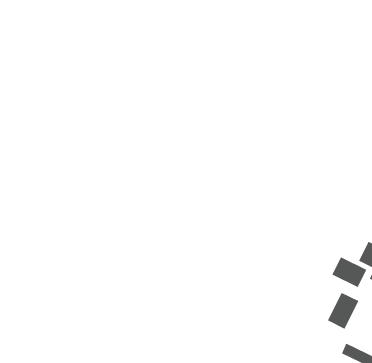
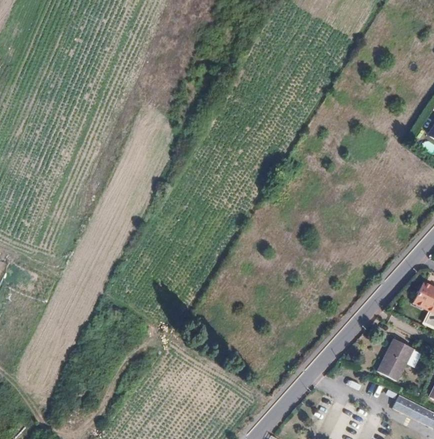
building: [332,256,367,288] -> none

